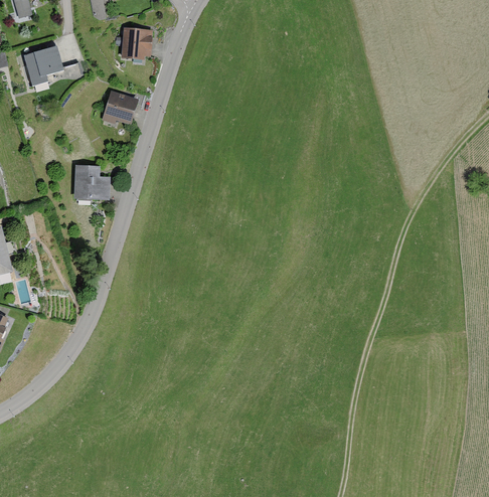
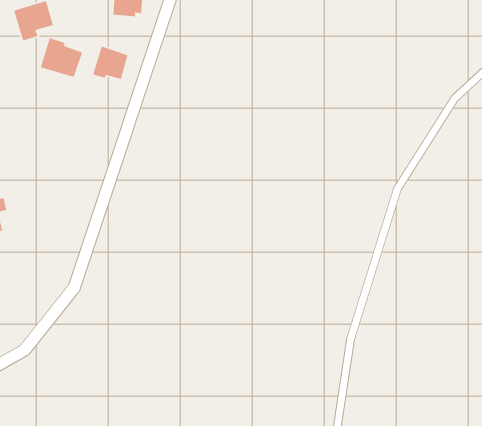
building: none -> [40,37,83,78]
building: [72,166,108,200] -> none

